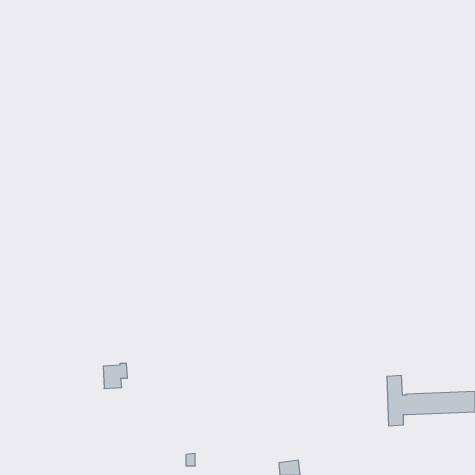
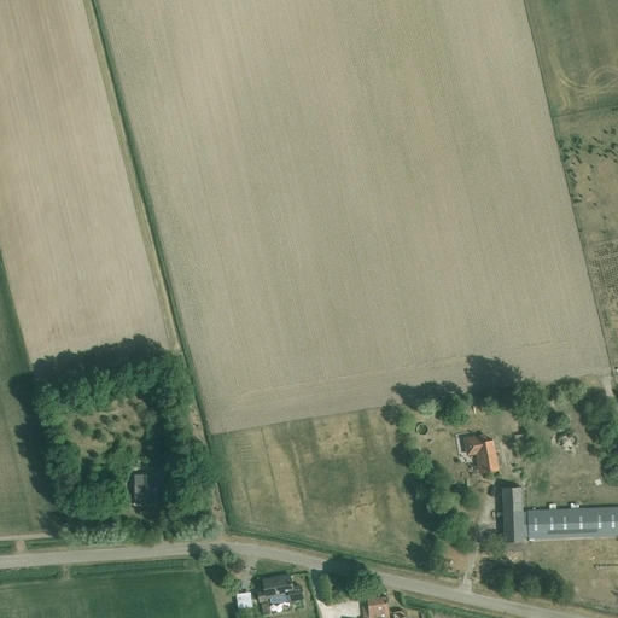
building: none -> [466,437,499,474]
building: none -> [256,576,302,604]

